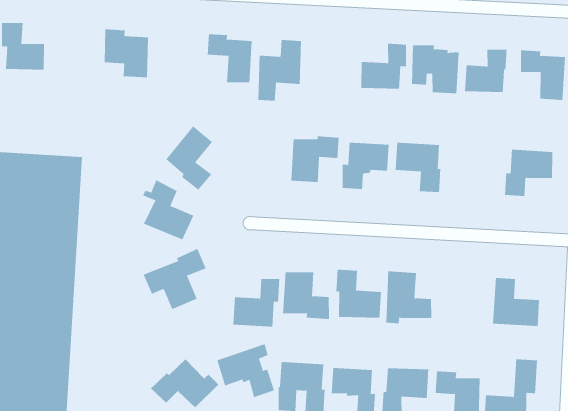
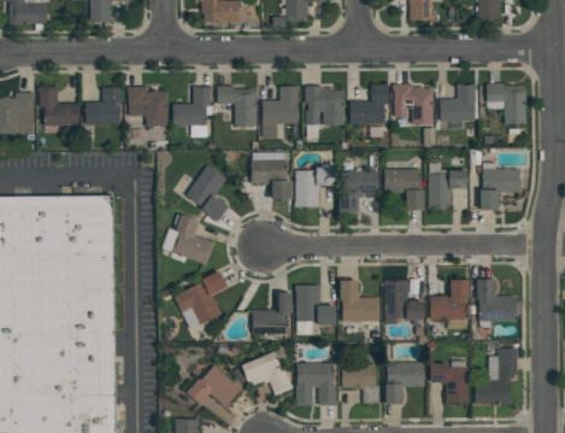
building: none -> [86,88,122,125]
building: none -> [172,87,212,125]
building: none -> [305,86,345,125]
building: none -> [251,159,290,200]
building: none -> [429,170,467,210]
building: none -> [429,280,469,320]

